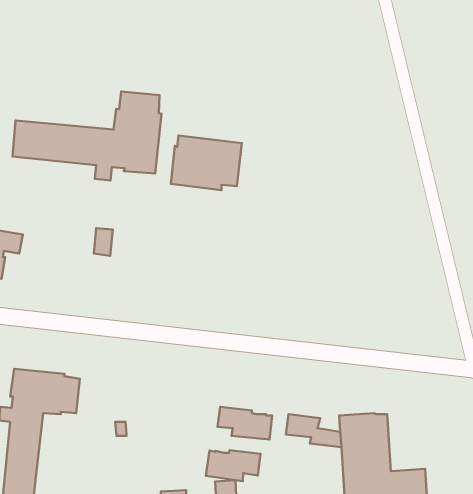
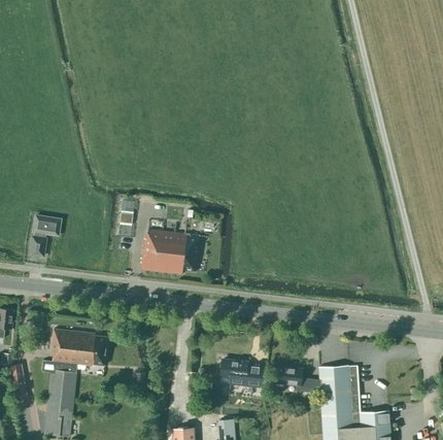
building: [13,91,162,181] -> none
building: [171,136,242,190] -> [141,230,199,274]
building: [206,450,260,481] -> none

